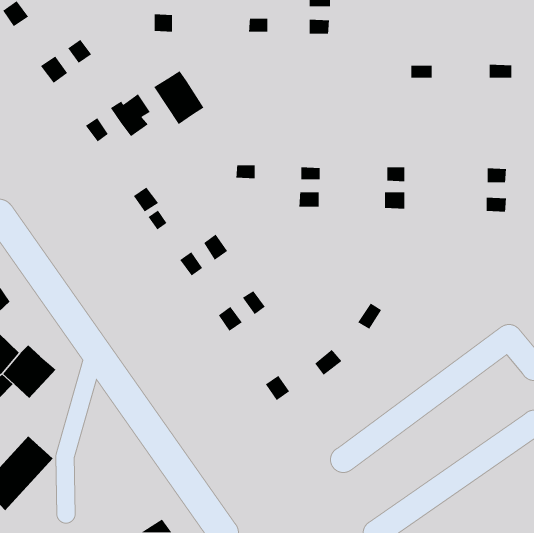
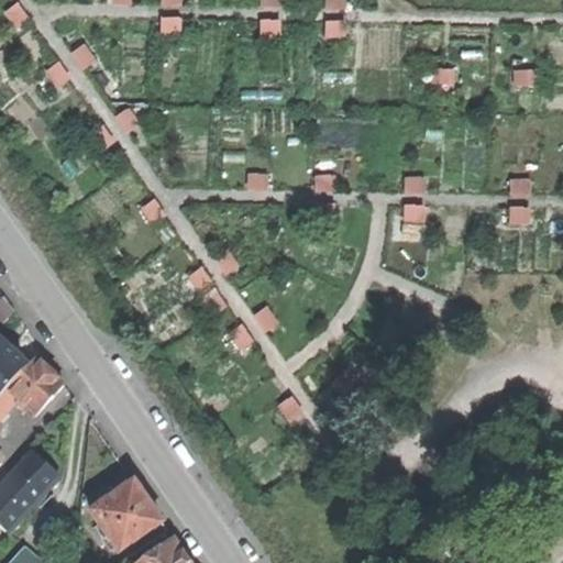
building: [153,70,204,125] -> none
building: none -> [87,487,157,555]

